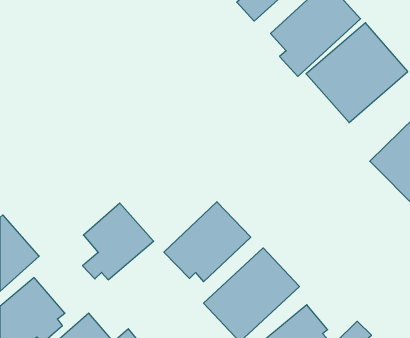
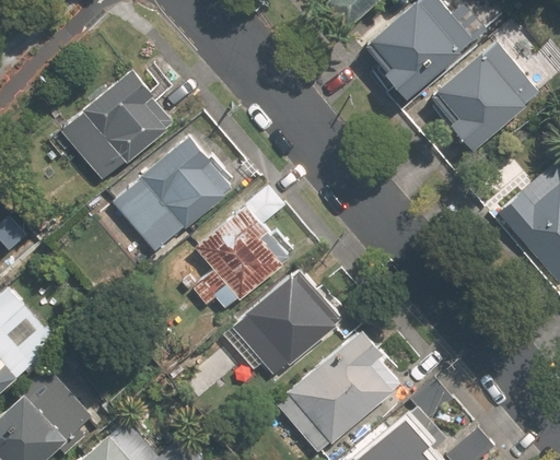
building: none -> [60,69,179,185]
building: none -> [110,132,237,253]
building: [83,203,154,280] -> [194,207,288,308]

